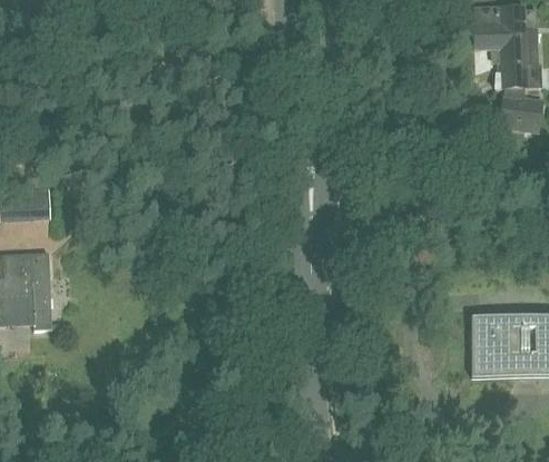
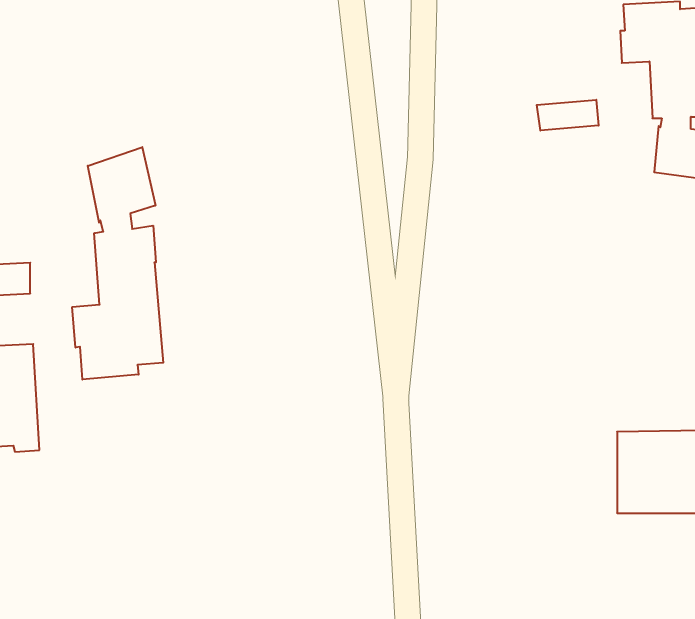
building: none -> [537,100,599,131]
building: none -> [72,147,163,380]

